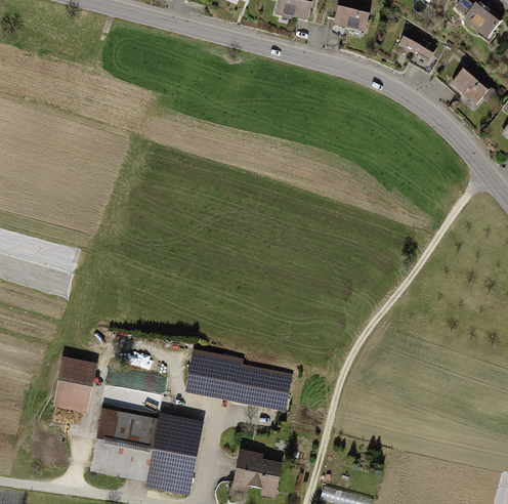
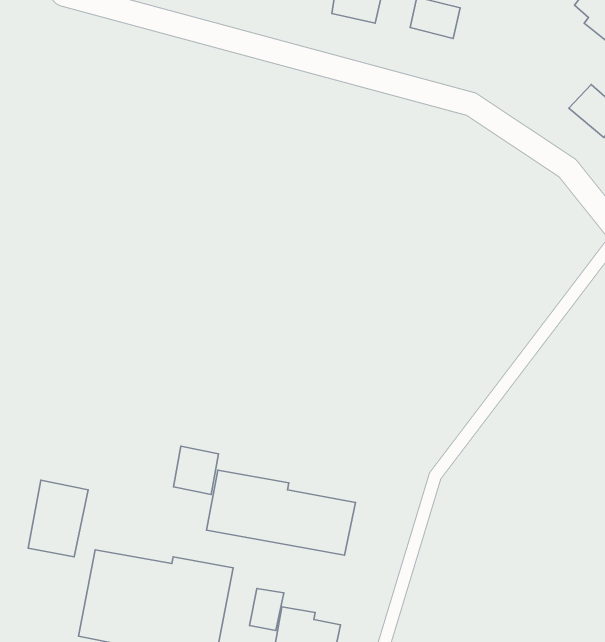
building: [397,29,437,62] -> none
building: none -> [174,446,218,494]
building: none -> [250,589,284,631]

